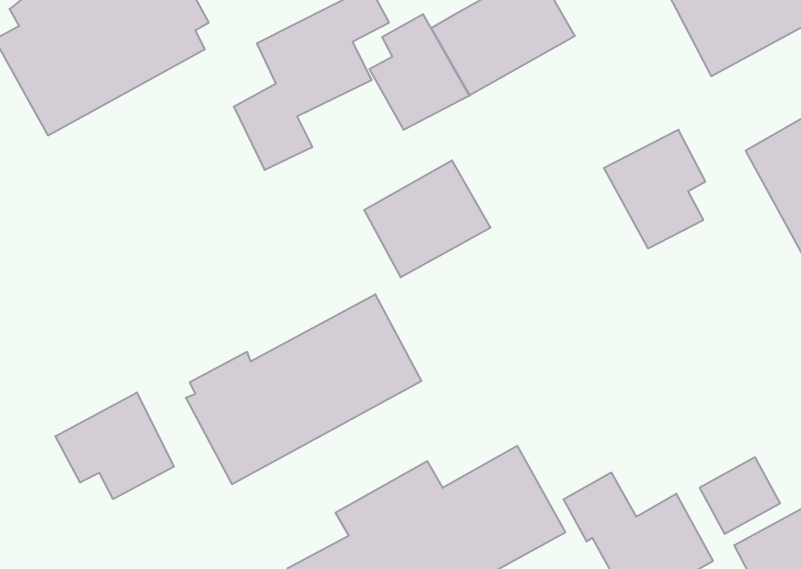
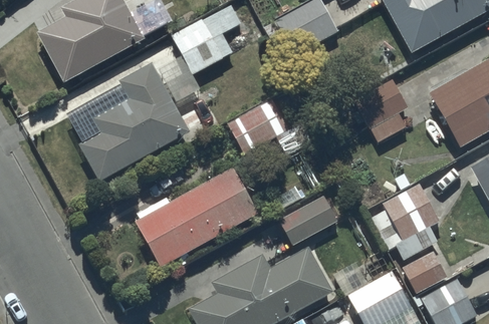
building: [369,14,469,130] -> none
building: none -> [79,62,190,180]
building: none -> [373,185,439,264]
building: none -> [280,196,338,246]
building: [55,392,174,499] -> none

